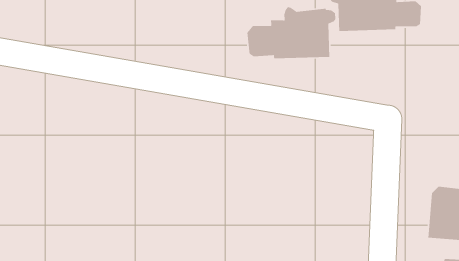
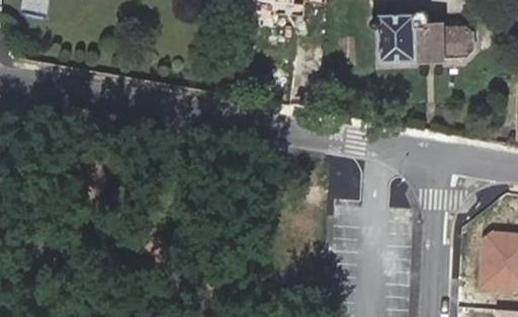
building: [247,6,336,59] -> none

